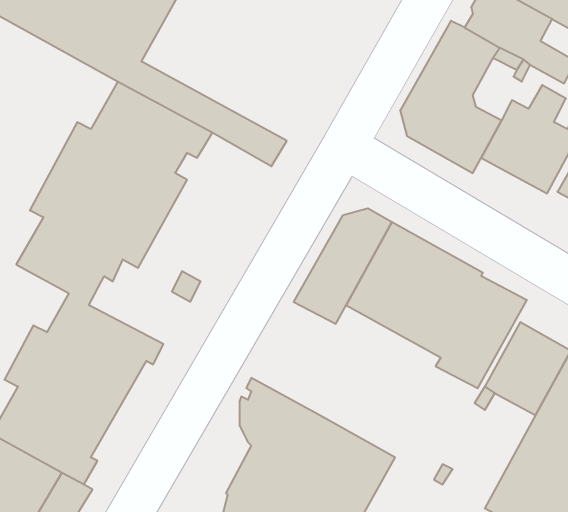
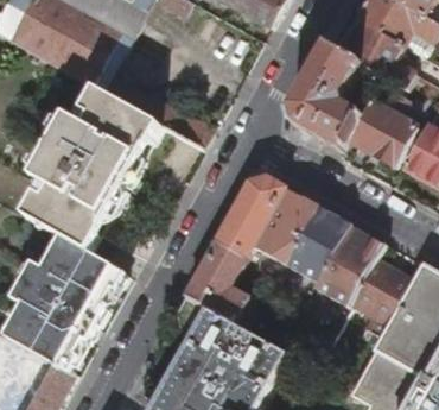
building: none -> [185,242,249,323]

